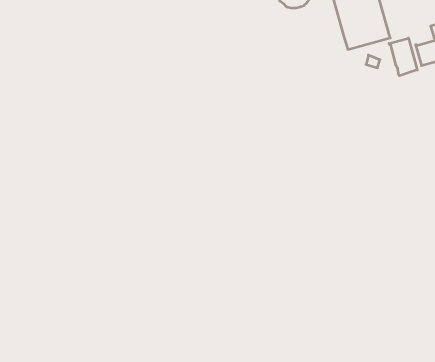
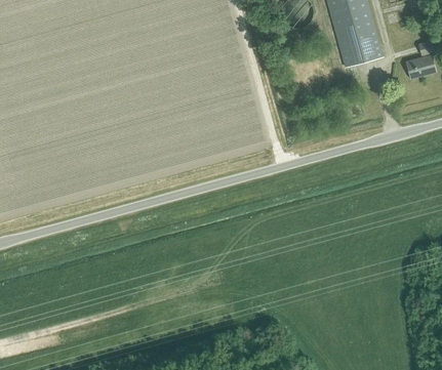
building: [389,38,417,76] -> none

